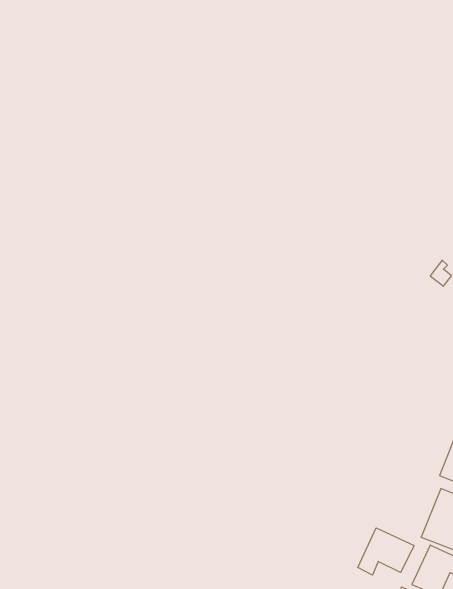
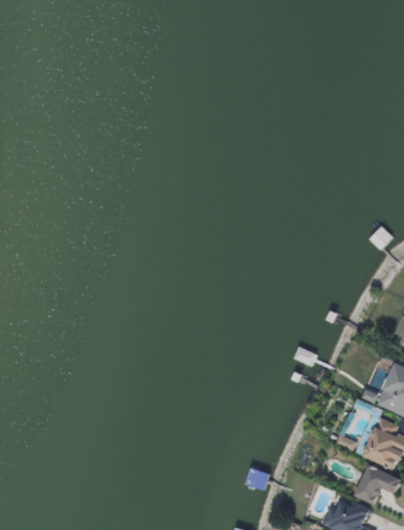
building: [358,528,414,575] -> none

